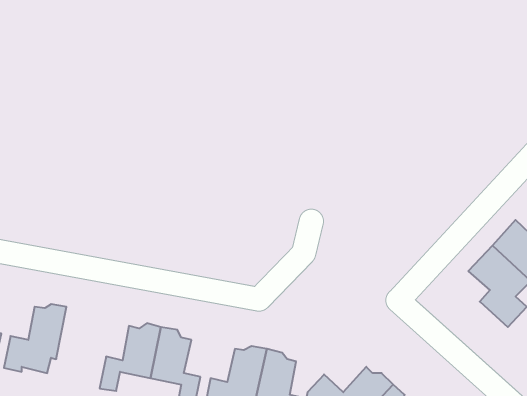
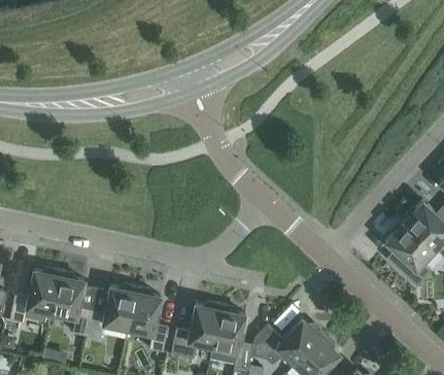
building: none -> [52,271,92,337]

